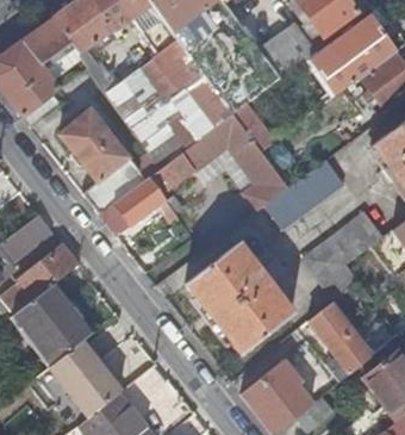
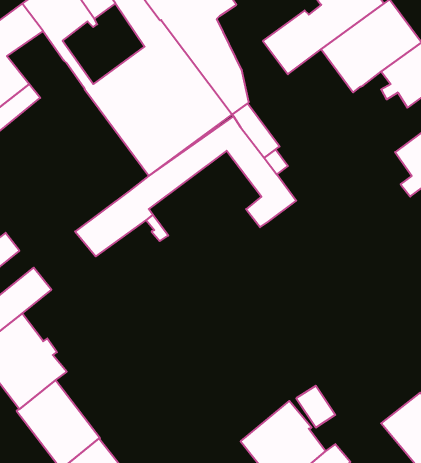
building: [61,110,145,213] -> none
building: [264,160,344,229] -> none
building: [303,212,384,299] -> none
building: [187,243,292,354] -> none
building: [310,303,373,380] -> none

